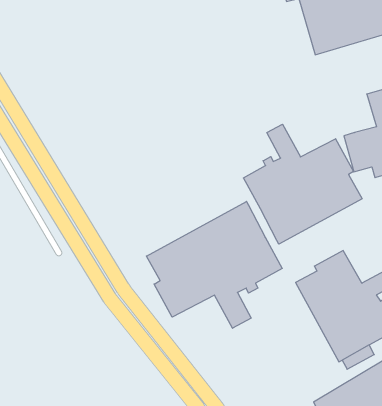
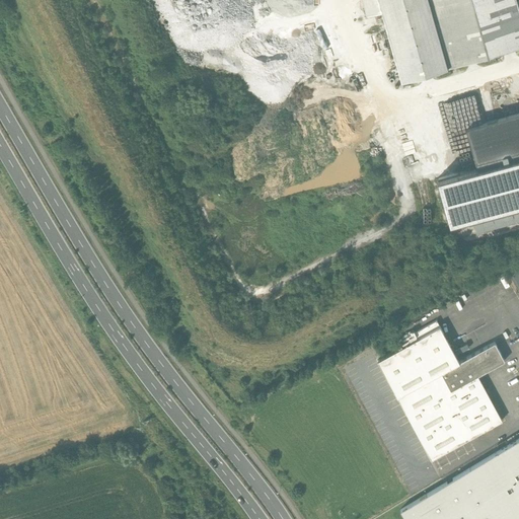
building: [243,124,362,244] -> none
building: [146,201,282,328] -> none

